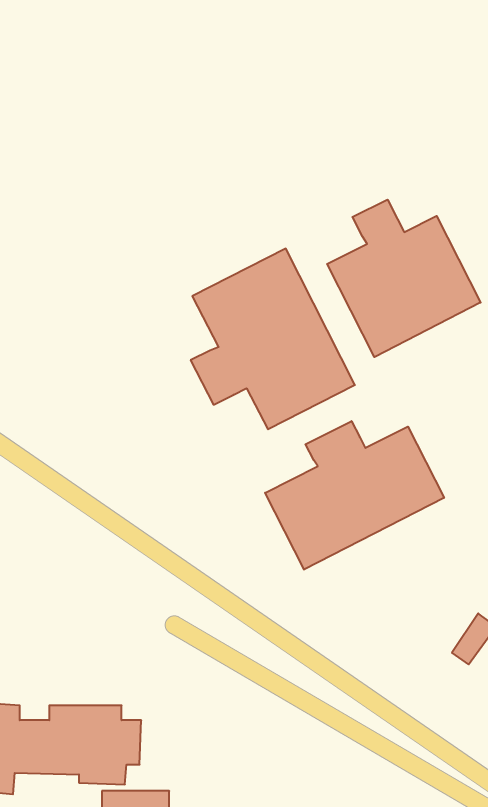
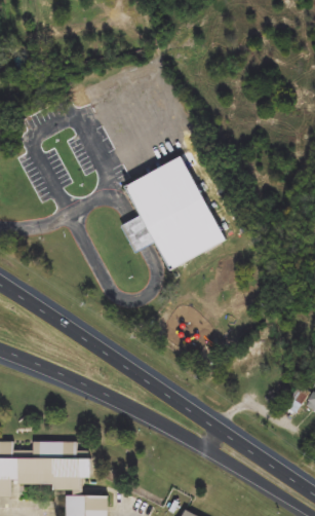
building: [327,200,481,357] -> none
building: [265,421,444,570] -> none

